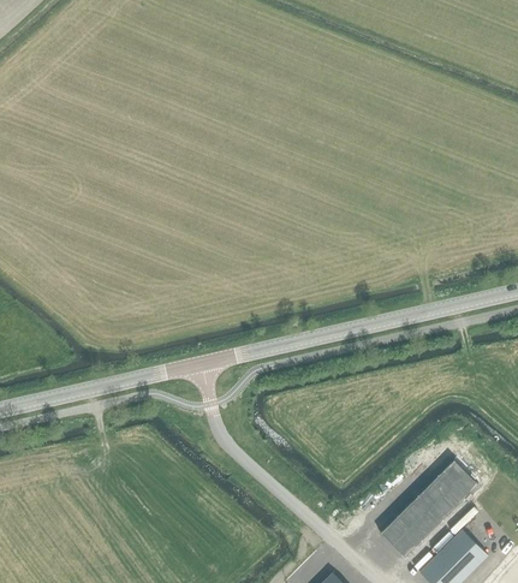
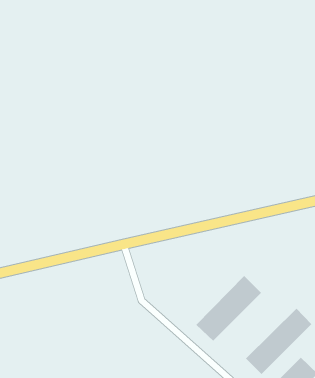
building: none -> [195,275,262,342]

